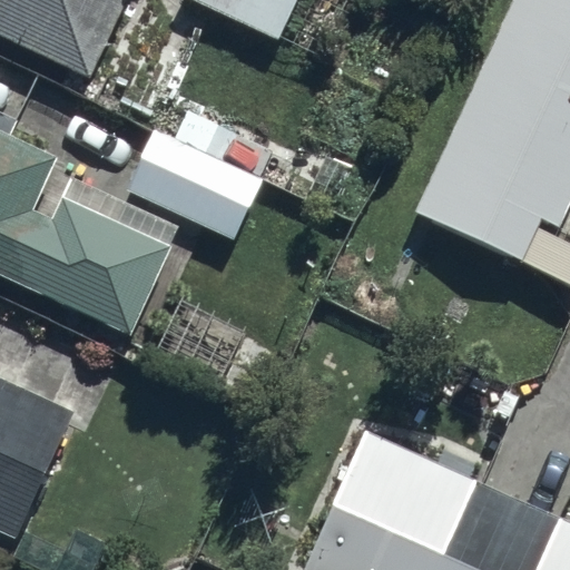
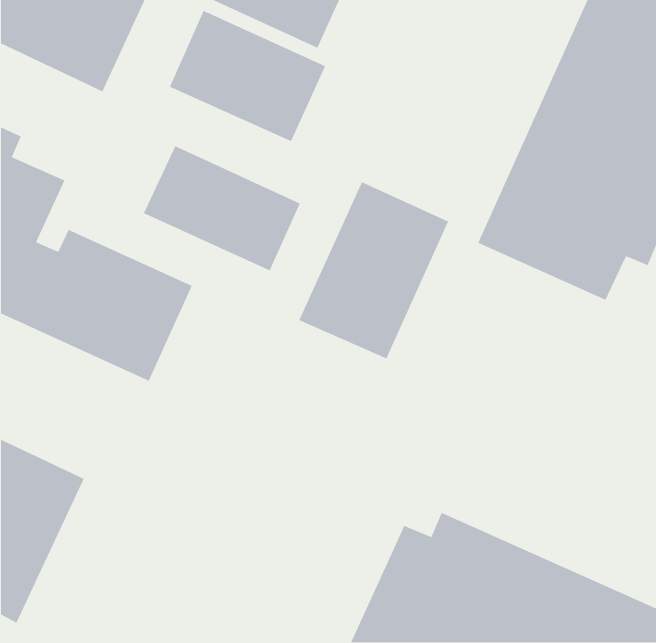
building: none -> [169,10,326,142]
building: none -> [298,181,449,360]

